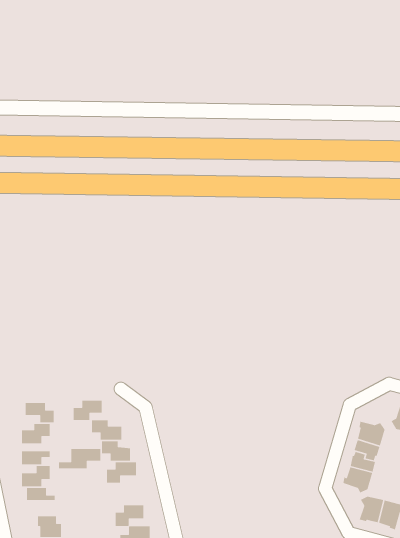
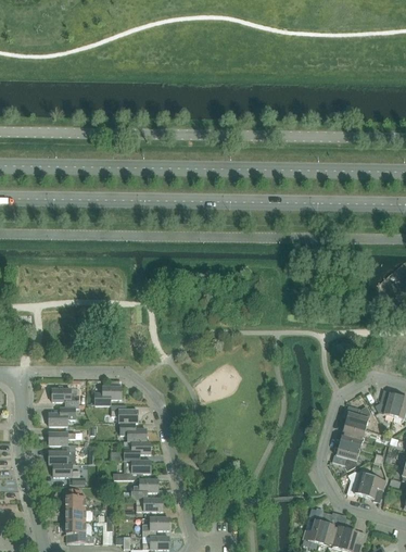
building: [58,448,101,469] -> [113,461,151,479]

